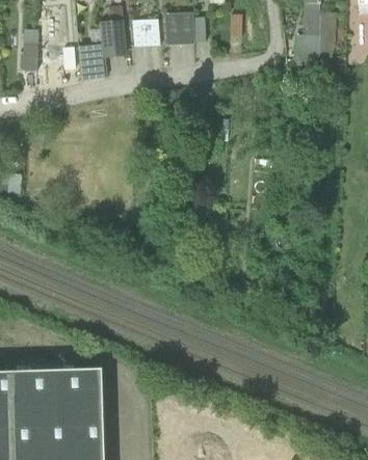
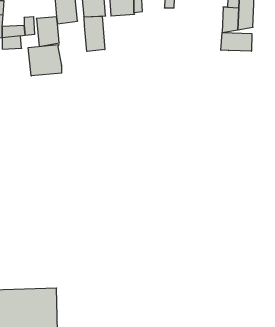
building: none -> [84,16,105,51]
building: none -> [221,32,252,51]
building: none -> [28,45,62,76]

